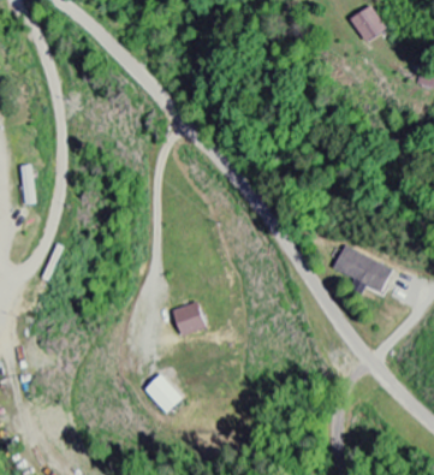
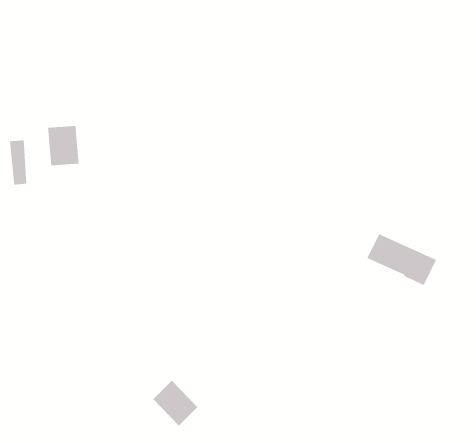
building: none -> [47,125,79,166]
building: [172,301,209,337] -> none

